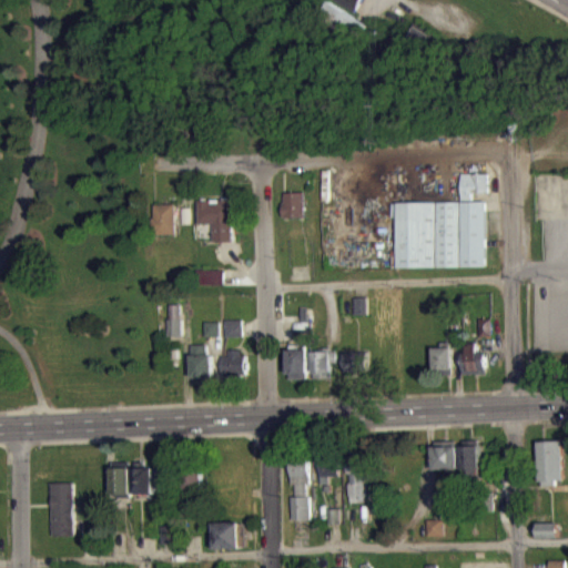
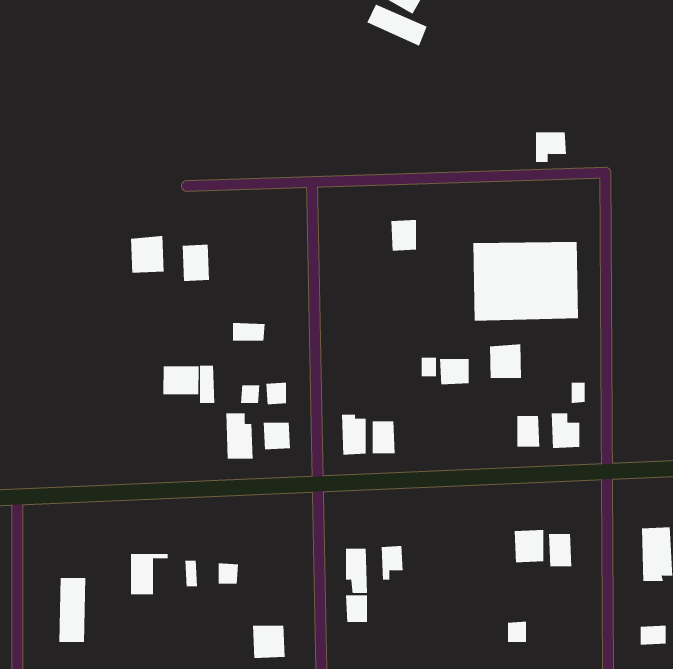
building: [458,174,485,200] -> [535,132,567,162]
building: [282,192,304,219] -> [390,219,417,251]
building: none -> [131,235,164,274]
building: [197,200,233,243] -> none
building: none -> [490,343,521,379]
building: none -> [163,366,199,395]
building: [341,352,366,374] -> [439,358,470,385]
building: [347,467,363,504] -> none
building: [131,468,151,495] -> none

